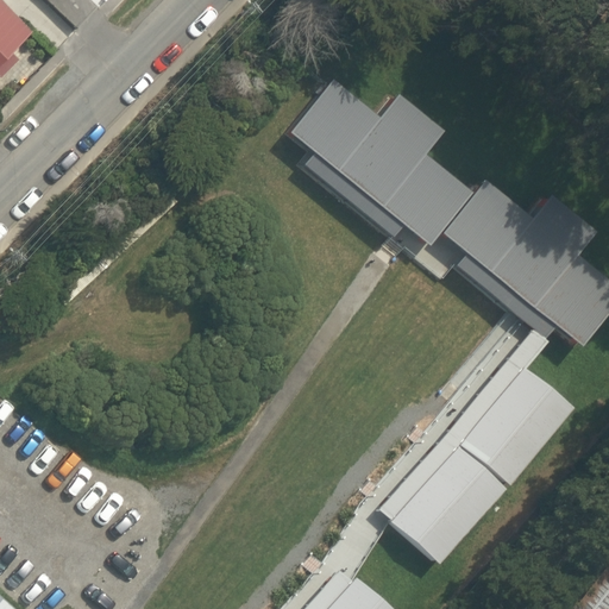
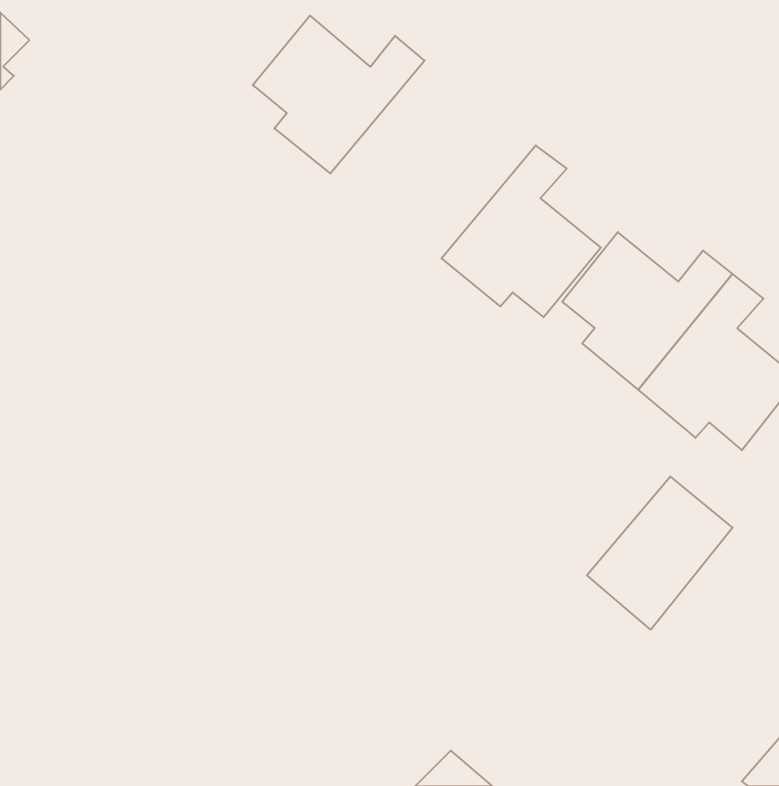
building: [289,77,421,199] -> [253,16,425,173]
building: [391,445,506,563] -> none

